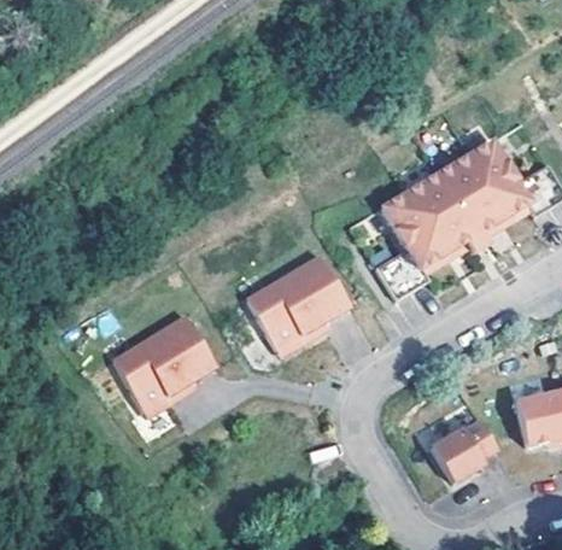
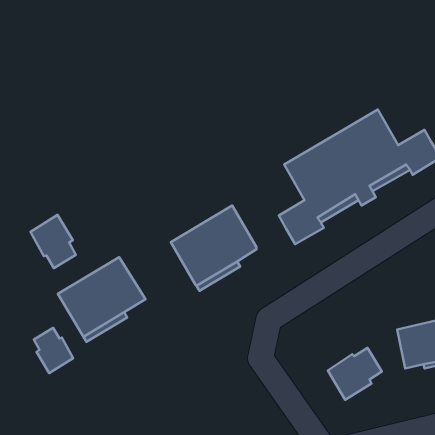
building: none -> [30,215,76,268]
building: none -> [34,328,73,373]

